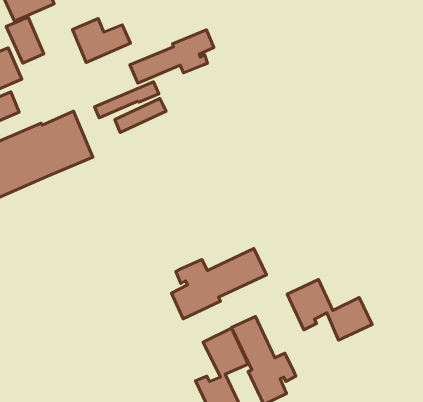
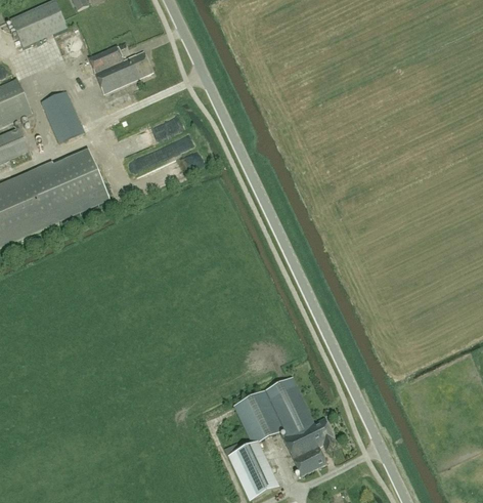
building: [6,17,44,63] -> [41,90,83,141]
building: [130,30,214,83] -> none
building: [171,248,266,319] -> none
building: [287,280,372,340] -> none

